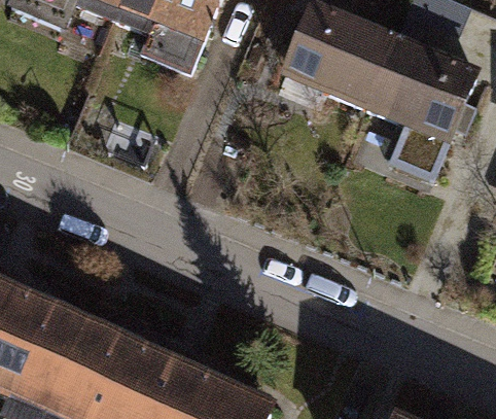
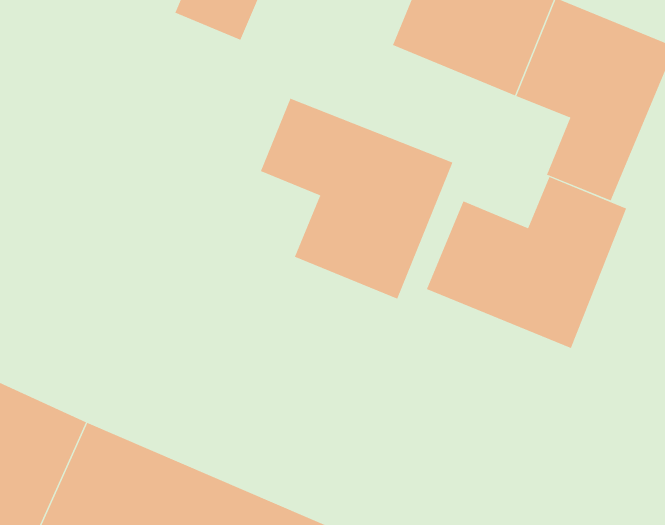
building: none -> [260,98,453,299]
building: none -> [426,176,627,349]

